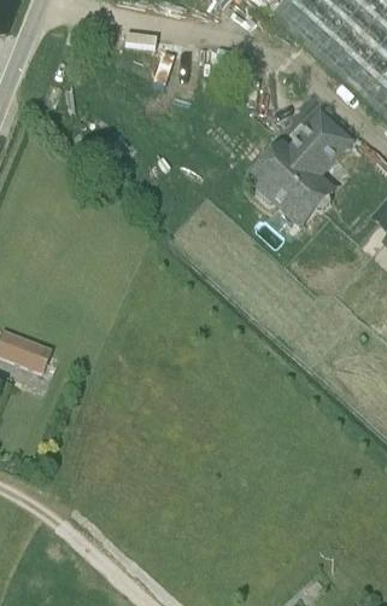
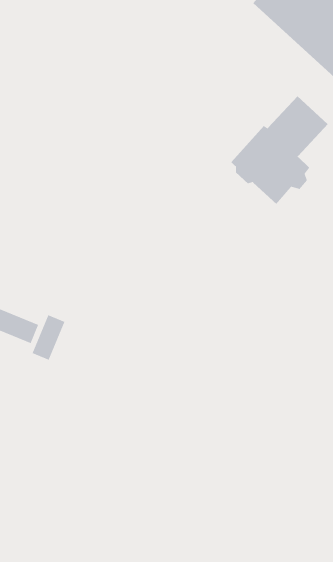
building: none -> [32,314,65,361]

